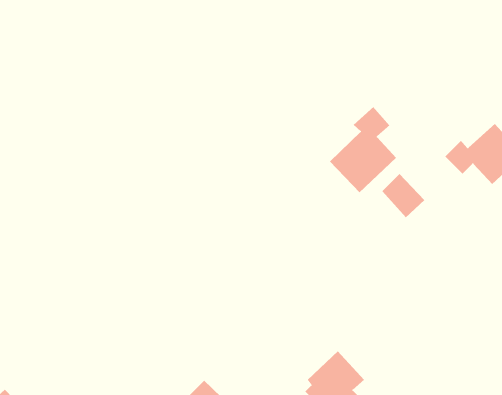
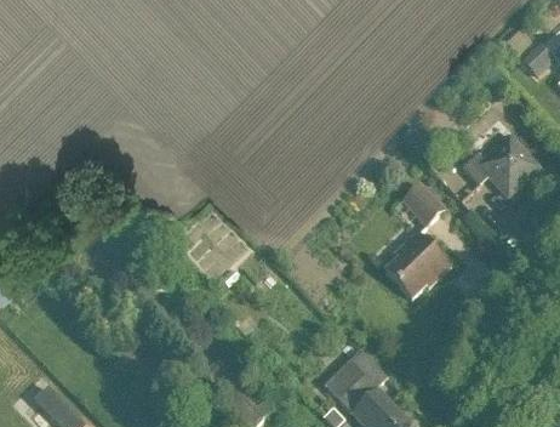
building: [329,106,397,193] -> none
building: none -> [385,230,450,296]

